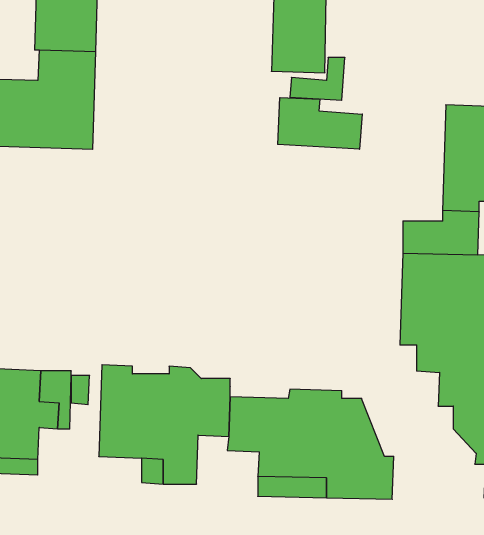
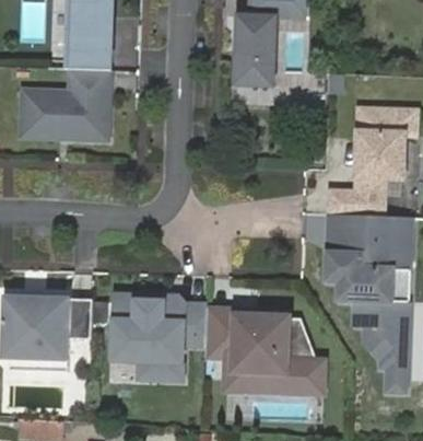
building: [278,98,362,149] -> none

